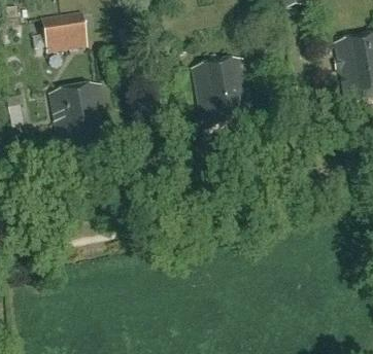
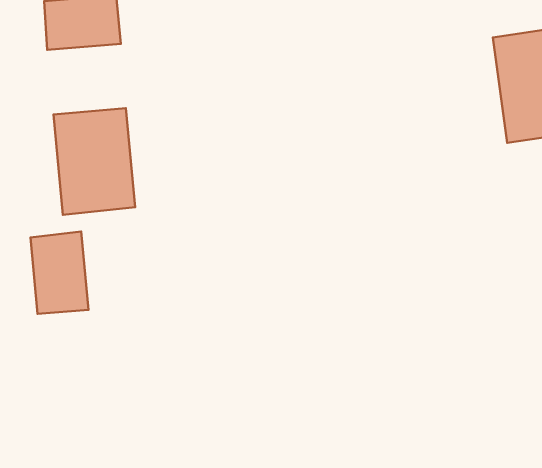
building: [197,55,249,129] -> none
building: none -> [30,232,88,314]

